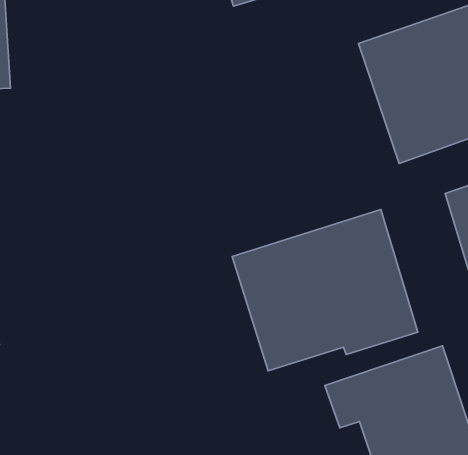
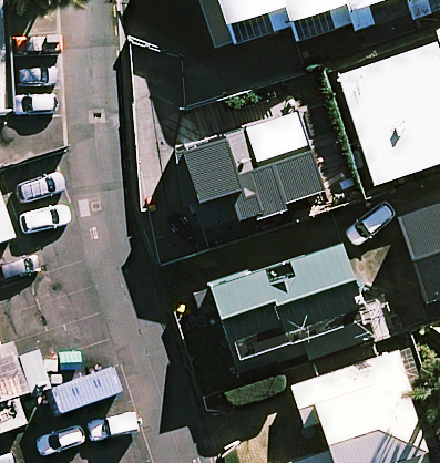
building: none -> [171,120,326,248]

